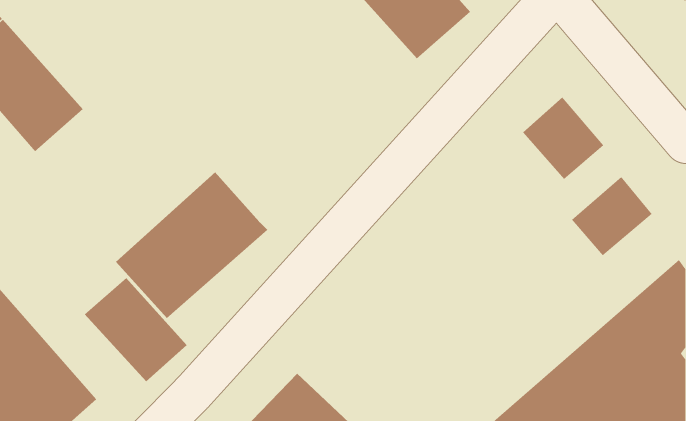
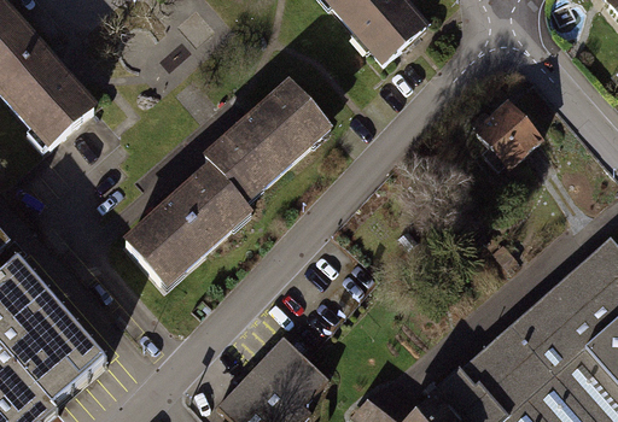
building: none -> [202,78,333,205]
building: [571,176,653,256] -> none
building: [84,277,187,382] -> none

